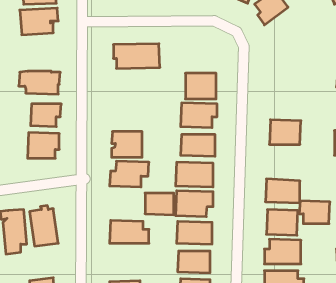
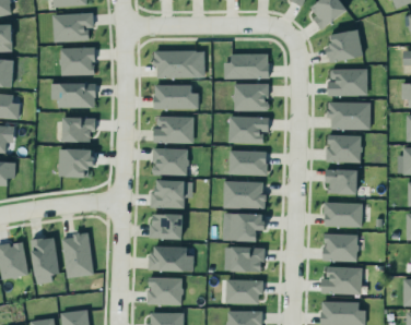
building: none -> [327,31,363,62]
building: none -> [60,48,95,75]
building: none -> [224,55,269,80]
building: none -> [327,69,368,96]
building: none -> [153,83,198,108]
building: none -> [327,100,369,129]
building: none -> [152,115,192,142]
building: [145,193,174,215] -> [151,215,183,239]
building: [299,201,330,224] -> [325,169,359,194]
building: none -> [146,274,183,304]

